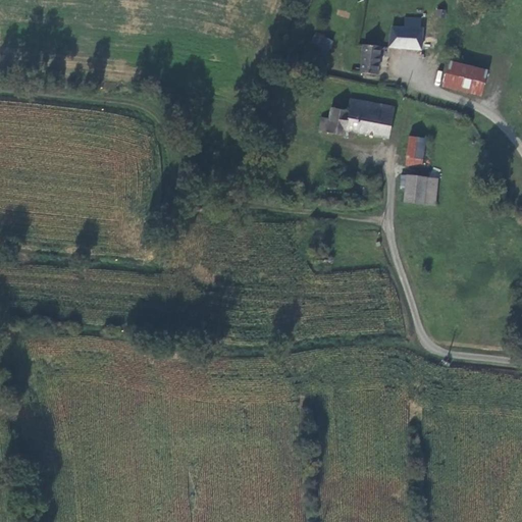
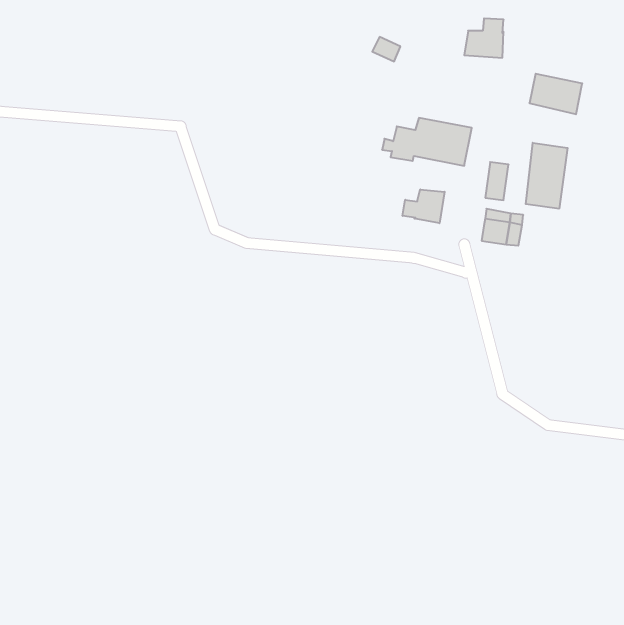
building: [361,45,379,73] -> none
building: none -> [526,143,568,209]
building: none -> [403,189,445,223]

